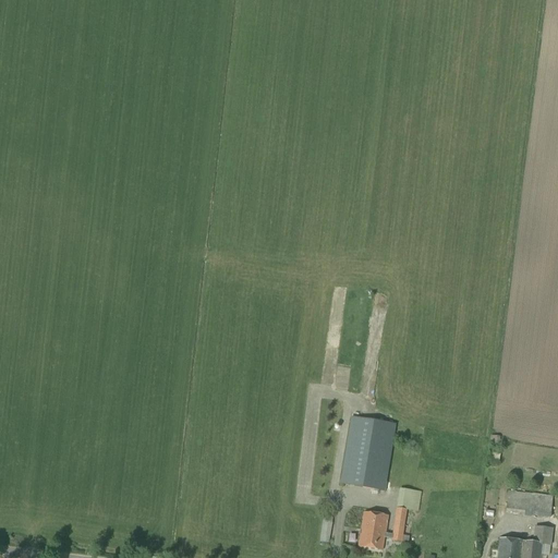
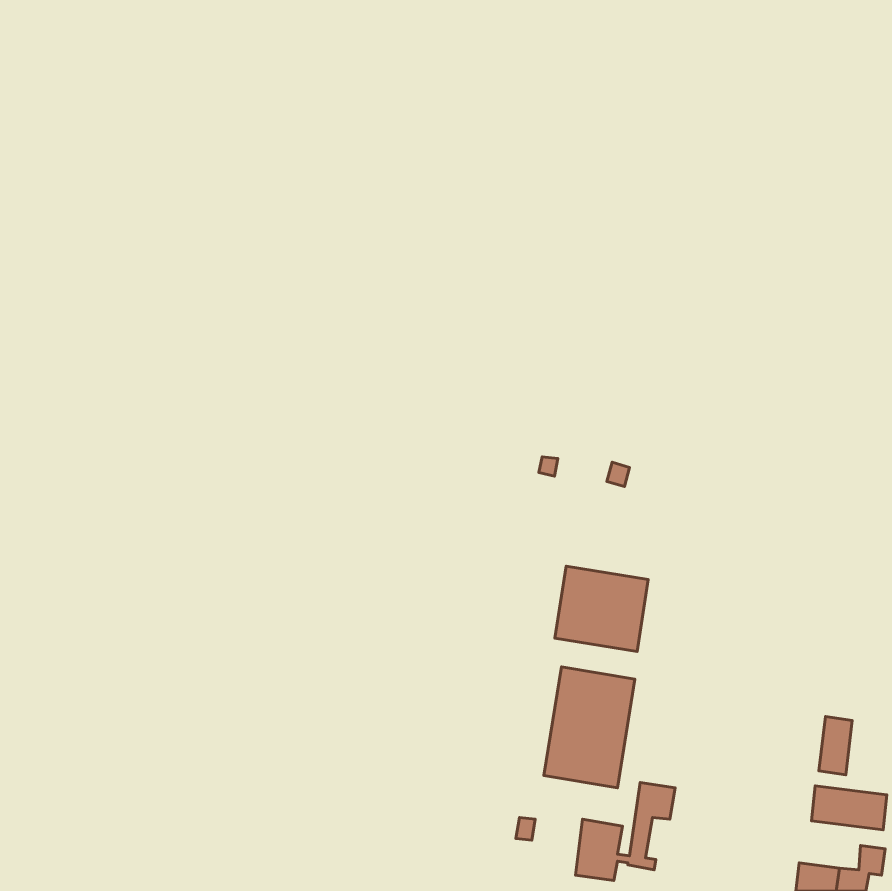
building: none -> [555,566,648,651]
building: none -> [819,716,852,775]

